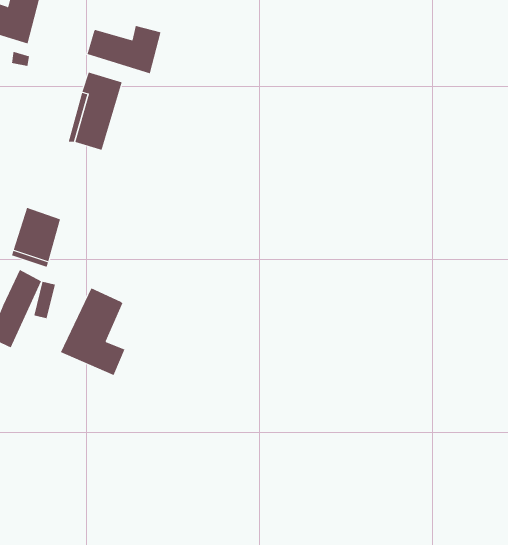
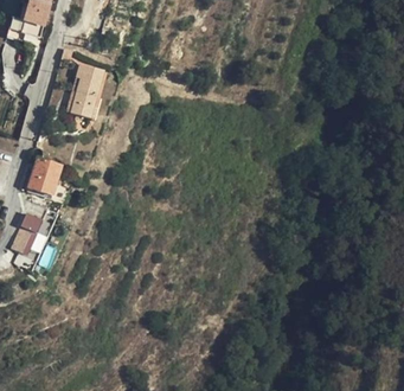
building: [87,25,161,74] -> none
building: [60,287,125,376] -> none

